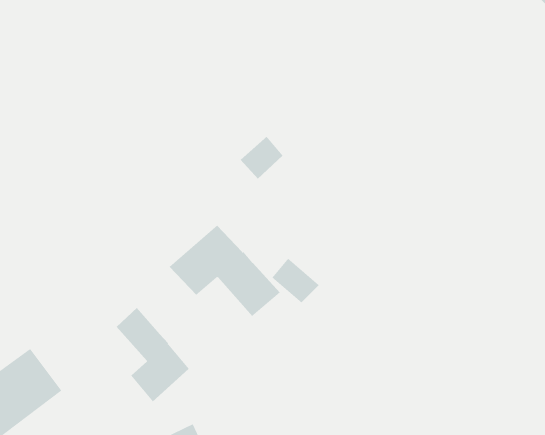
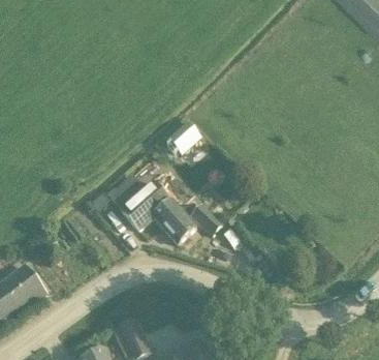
building: [116,307,189,402] -> none

